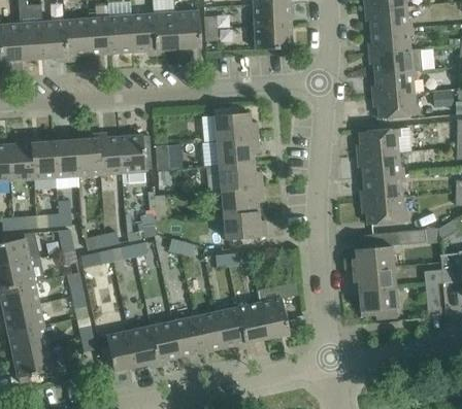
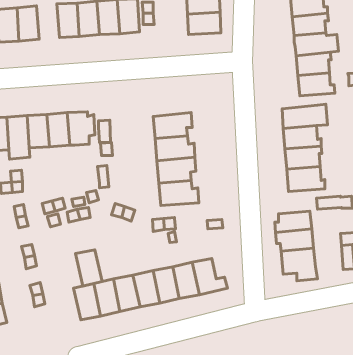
building: [86,15,111,55] -> none
building: [213,112,258,140] -> none
building: [105,331,135,371] -> [75,250,102,286]

